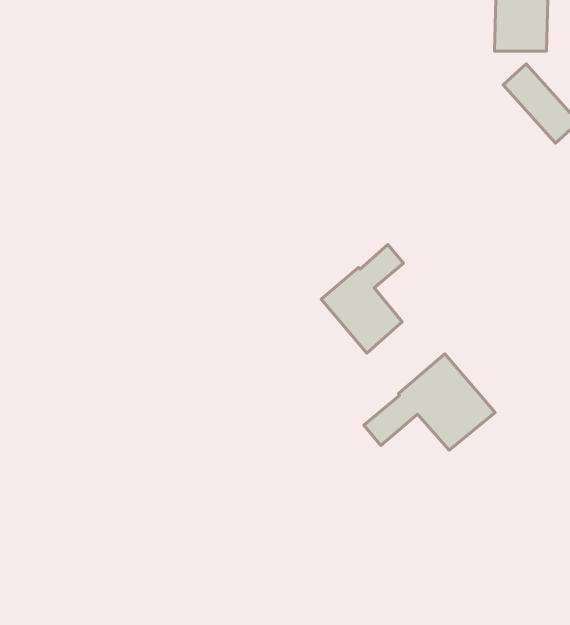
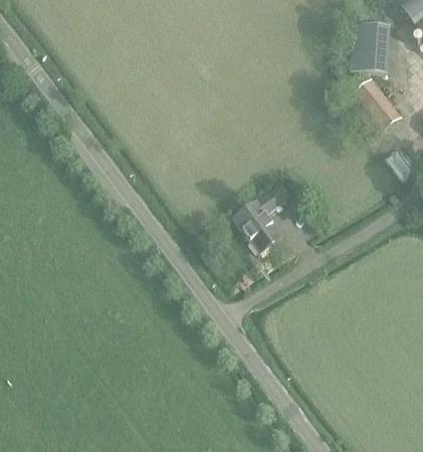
building: [364,354,495,450] -> none

